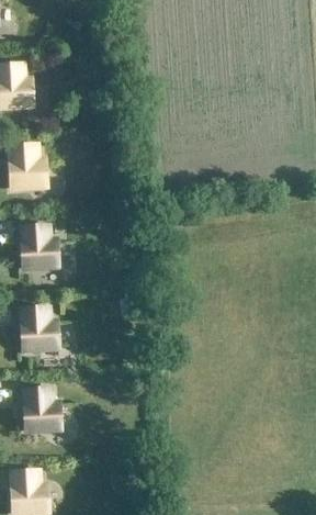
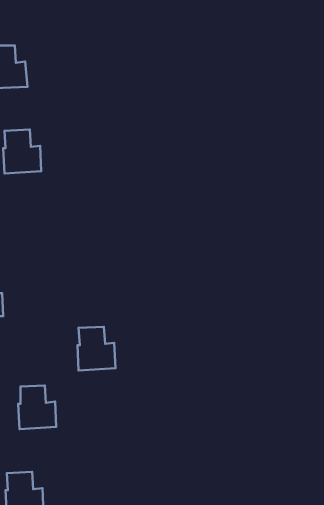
building: [21,227,57,268] -> none
building: [21,309,57,350] -> [77,327,115,370]

